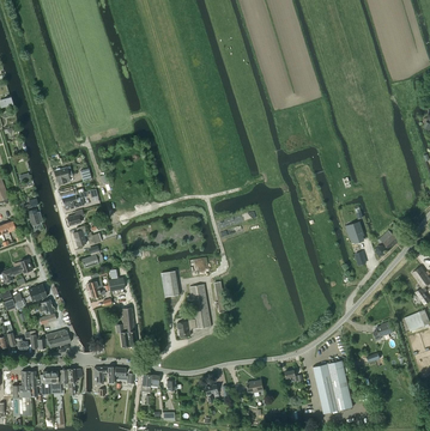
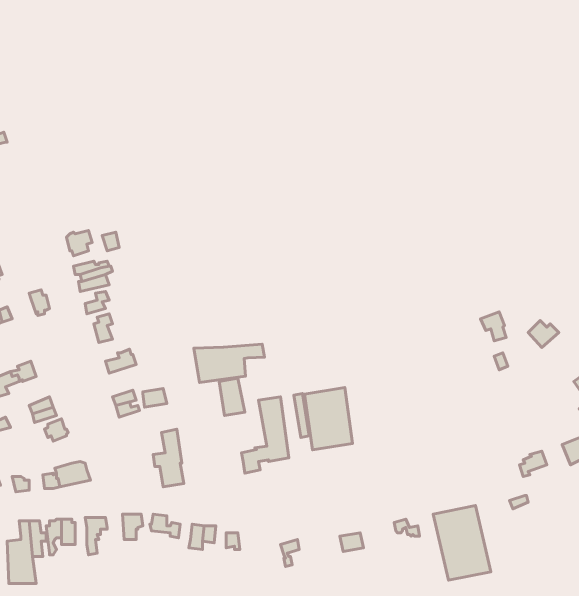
building: none -> [194,344,265,382]
building: none -> [305,388,352,450]

